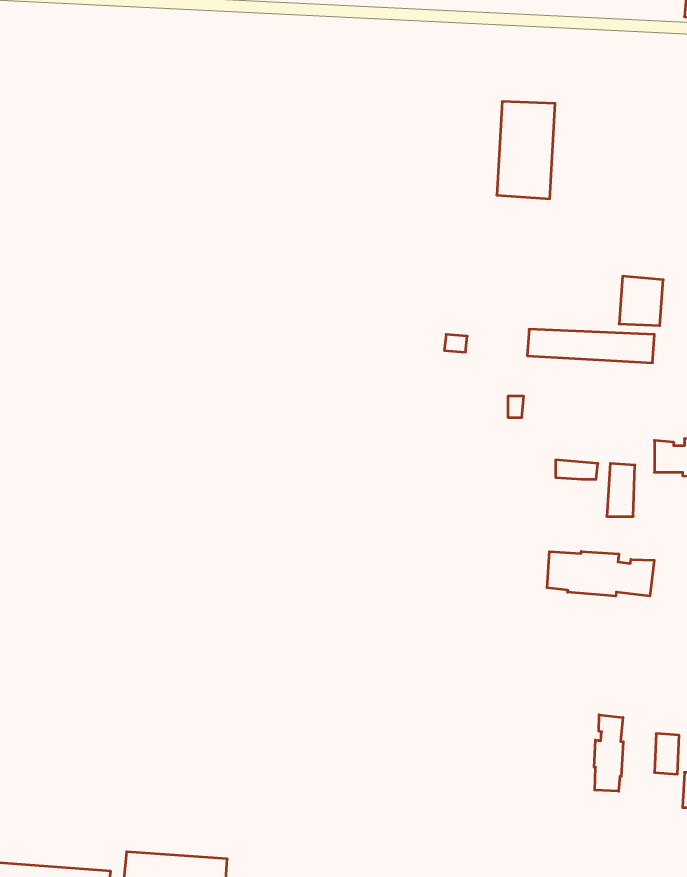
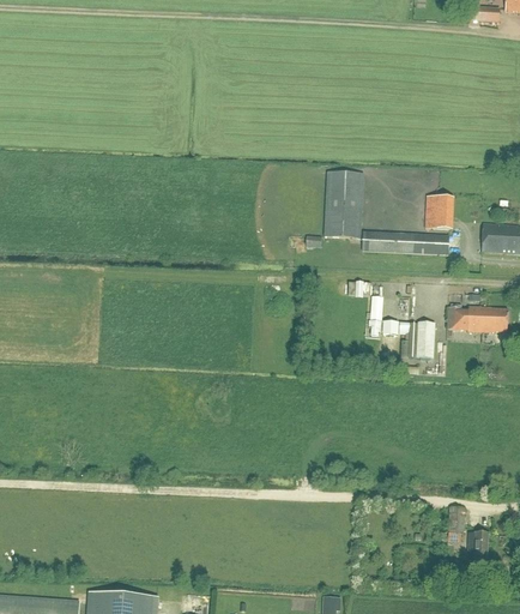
building: [497,102,555,199] -> [324,171,363,237]
building: [547,551,654,596] -> none
building: [594,715,623,791] -> none

